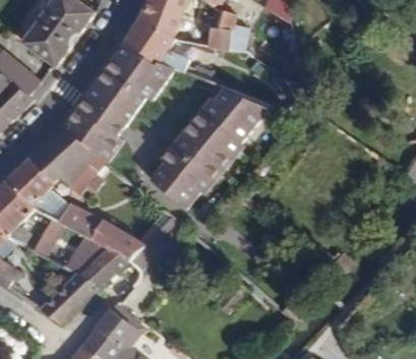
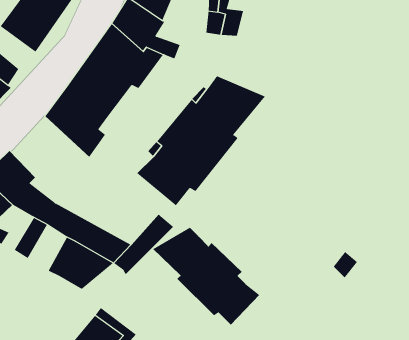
building: [31,125,105,195] -> none
building: none -> [152,227,260,325]
building: [40,274,98,323] -> none

